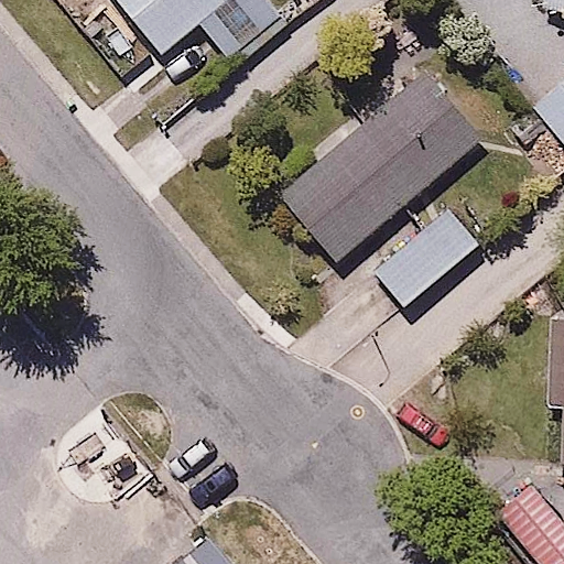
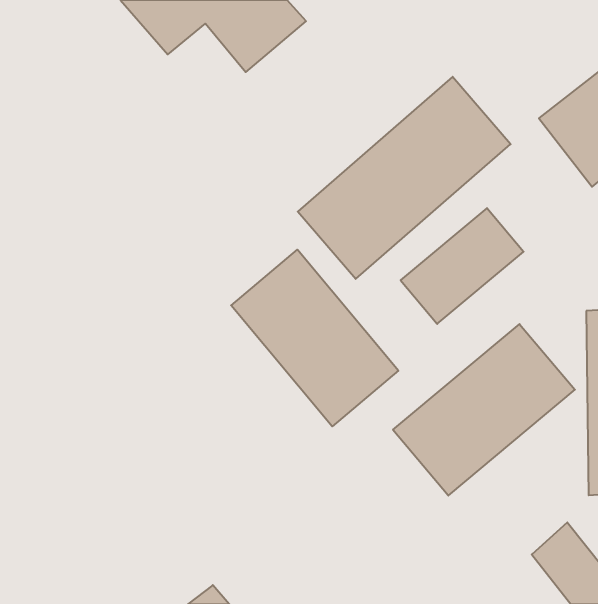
building: none -> [231,250,398,426]
building: none -> [393,324,575,496]

